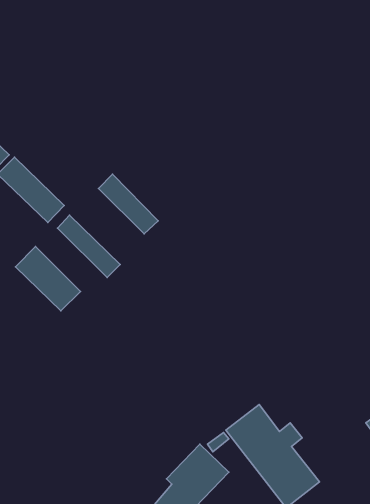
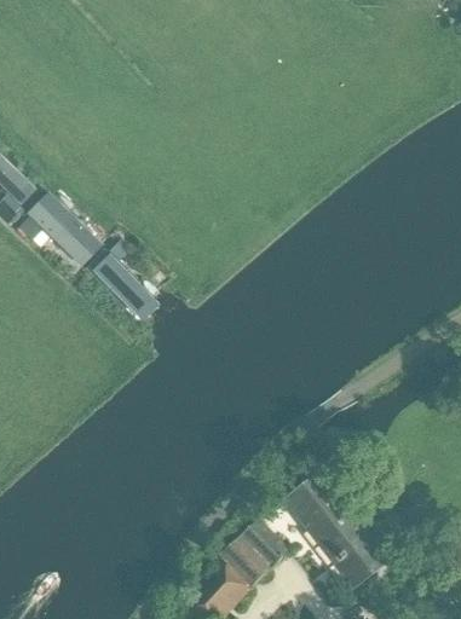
building: [98,174,158,234] -> none
building: [16,246,81,311] -> none

